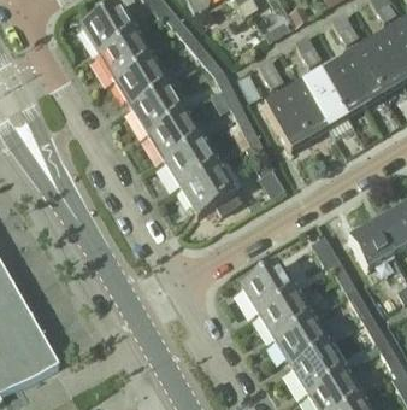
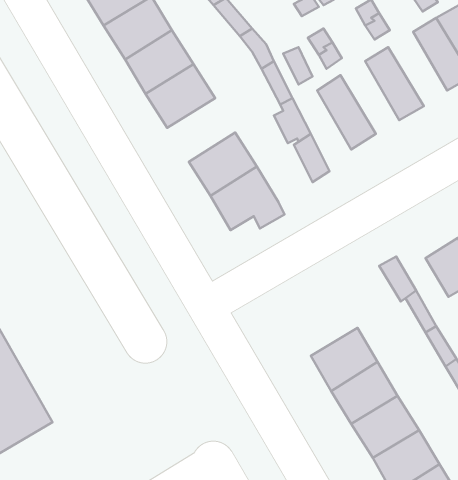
building: [318,58,364,116] -> none
building: [281,81,326,137] -> none
building: [146,110,199,159] -> none
building: [241,260,294,310] -> none

